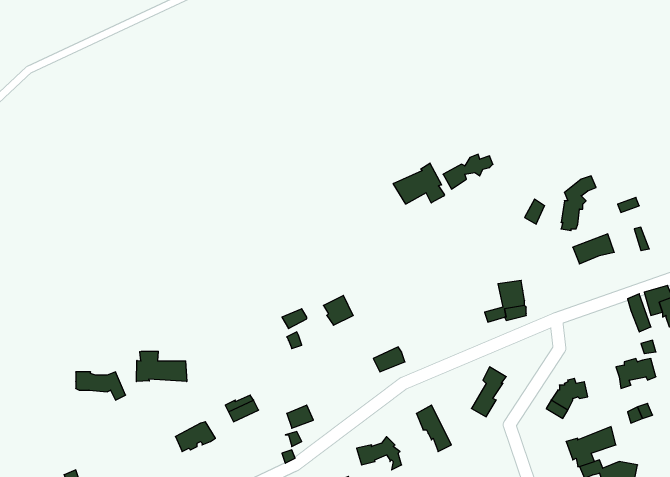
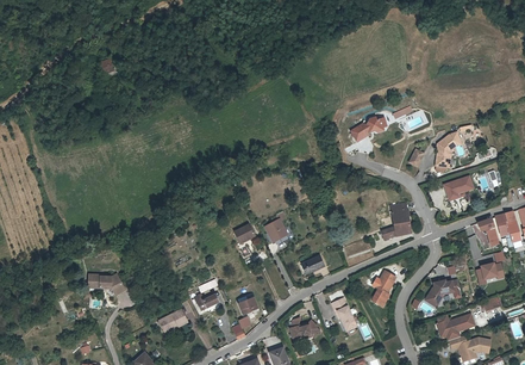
building: [393,163,444,204] -> none
building: [136,351,187,382] -> none

